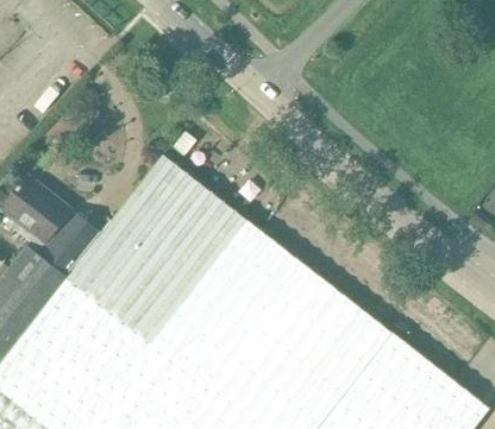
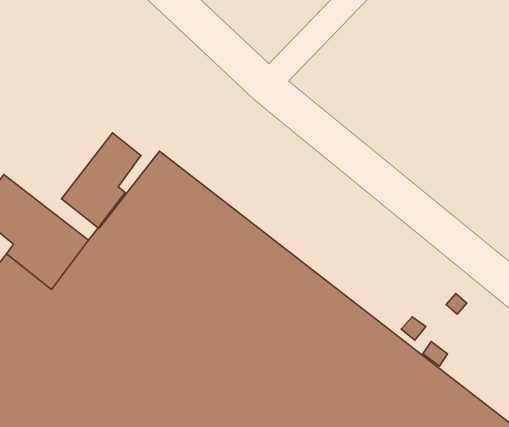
building: none -> [62,133,141,228]

